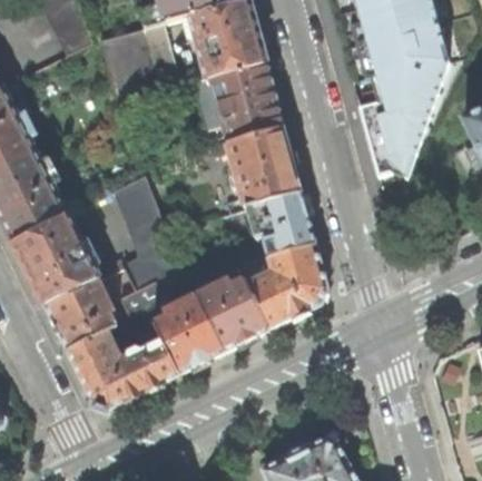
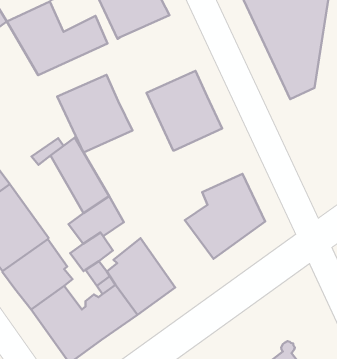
building: [210,61,284,139] -> [57,75,133,152]
building: [247,190,315,254] -> none
building: [196,276,269,350] -> none

